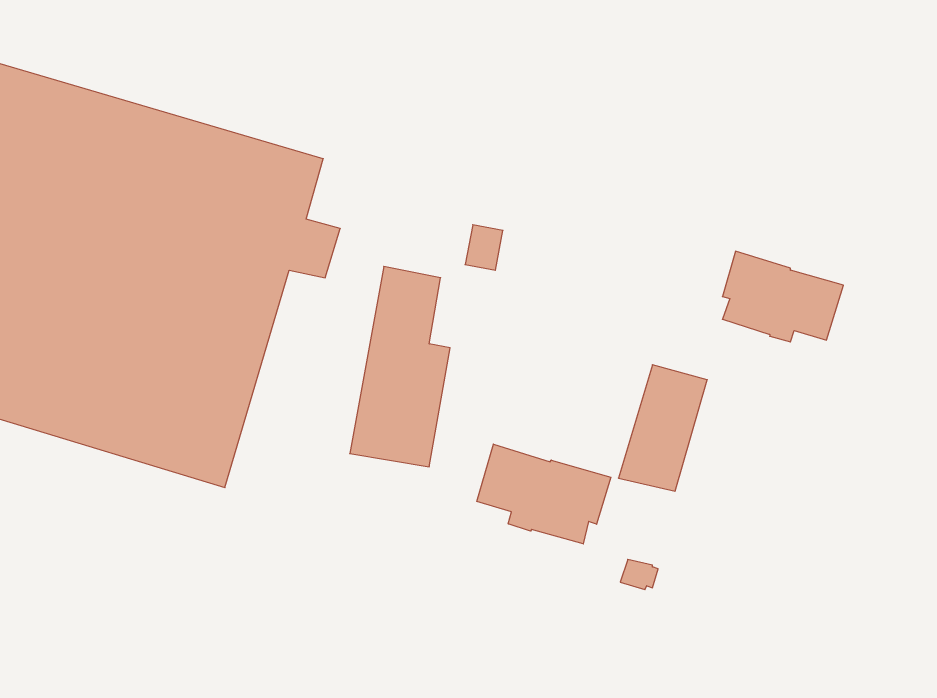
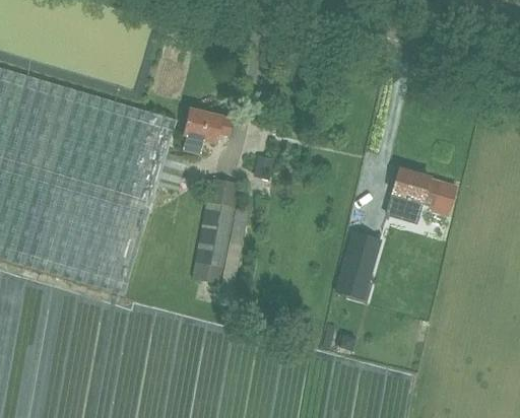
building: none -> [181,109,230,152]
building: [477,444,611,544] -> none

